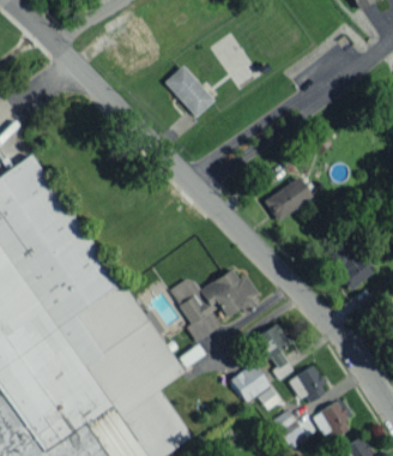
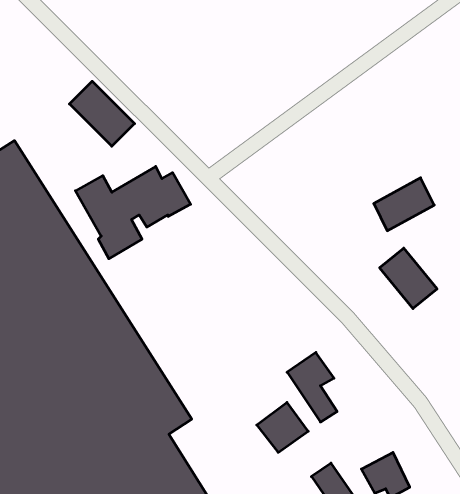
building: [164,65,216,116] -> [69,81,135,146]
building: [265,178,313,220] -> [374,178,434,231]
building: [170,269,261,342] -> [75,166,191,259]
building: [288,365,328,402] -> none

